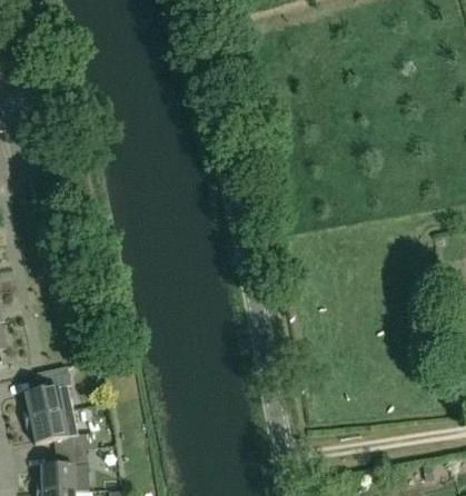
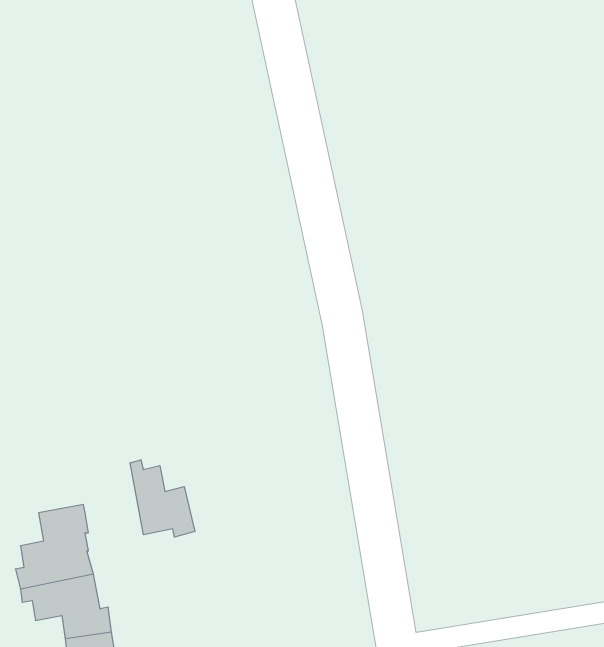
building: none -> [130,460,195,537]

